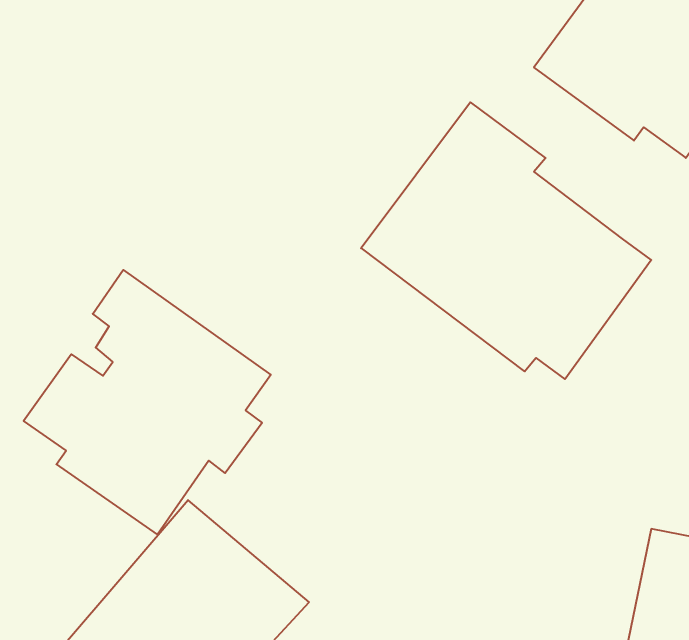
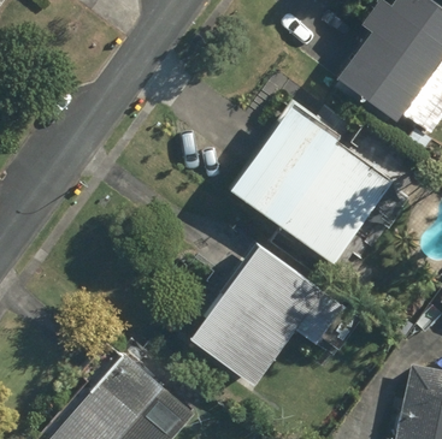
building: [24,270,271,534] -> none
building: none -> [185,245,344,397]

